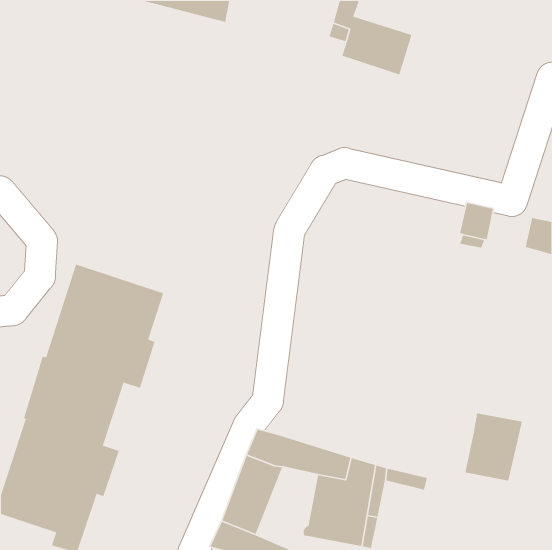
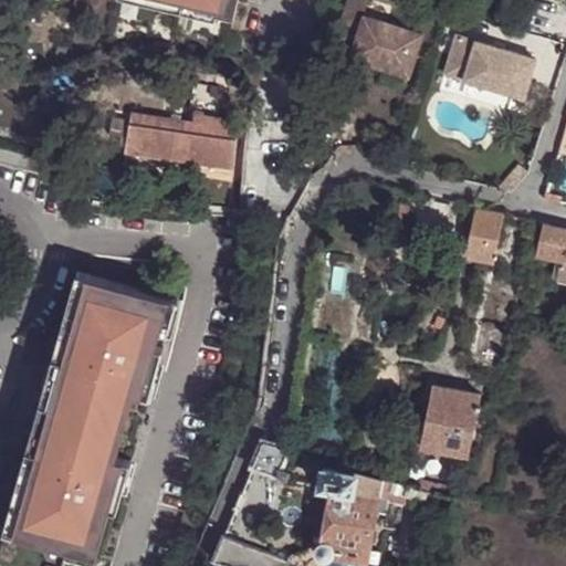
building: none -> [444,39,535,101]
building: none -> [127,116,244,172]
building: [465,412,523,482] -> [422,386,482,457]

